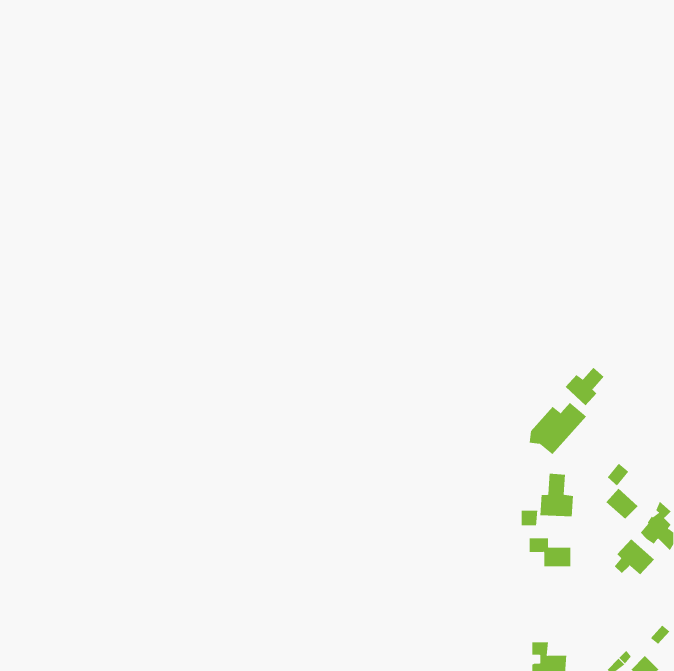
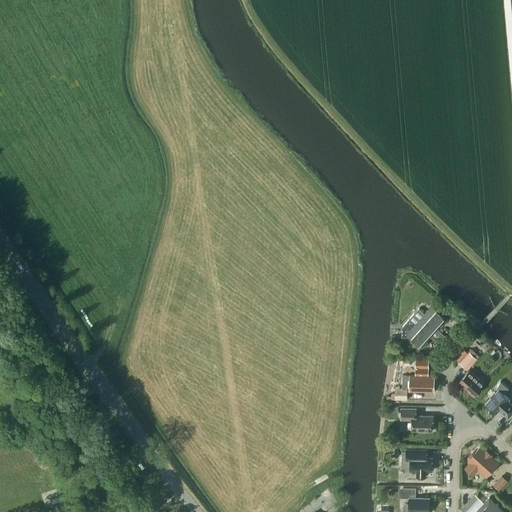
building: [565,367,605,406] -> none
building: [614,538,655,575] -> [466,449,497,477]
building: none -> [402,450,432,478]

